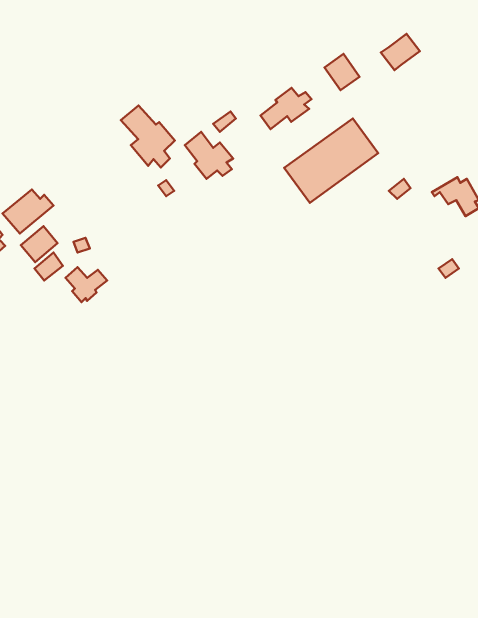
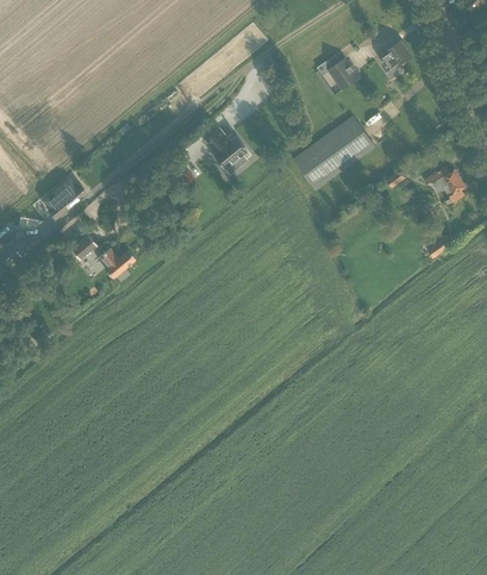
building: [261,88,312,129] -> none
building: [121,105,175,168] -> none
building: [21,226,58,262] -> none

